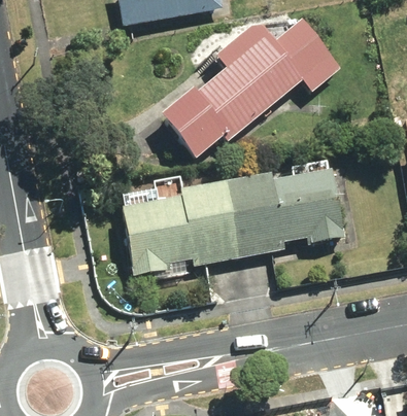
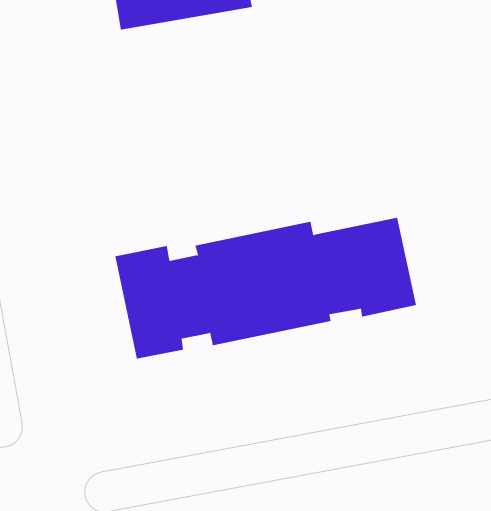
building: [162,22,341,160] -> none

